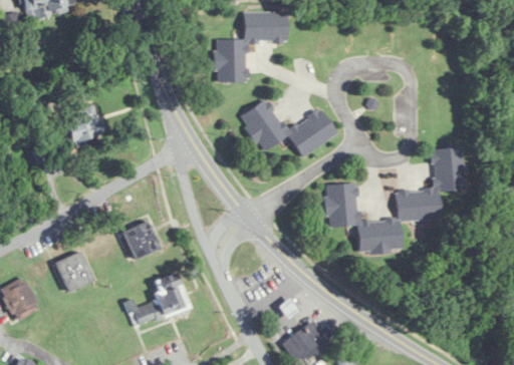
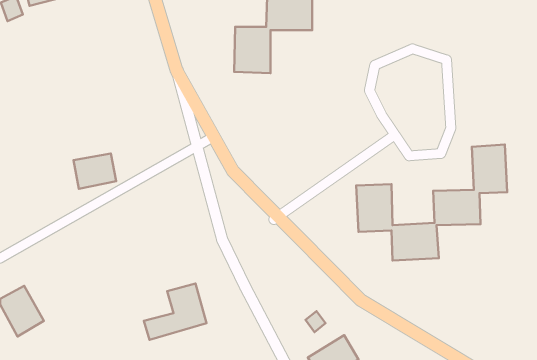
building: [241,99,337,156] -> none
building: [63,110,102,142] -> [73,154,116,189]
building: [123,222,159,259] -> none
building: [55,251,94,292] -> none

